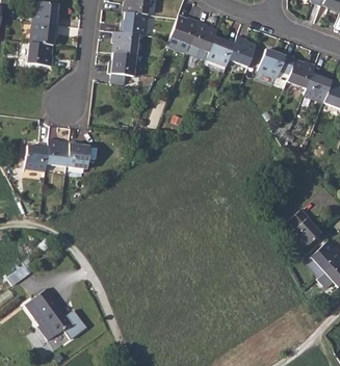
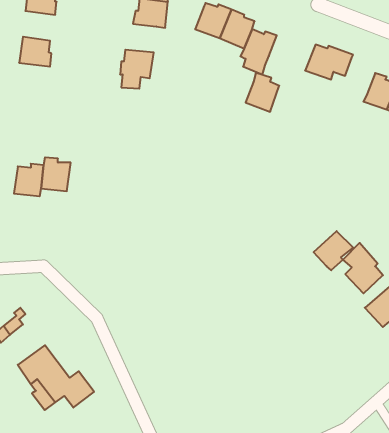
building: [31,22,57,46] -> none
building: [112,31,138,55] -> none
building: [229,34,256,66] -> [246,73,279,112]
building: [288,59,316,88] -> none
building: [67,141,89,168] -> none
building: none -> [314,231,353,270]

